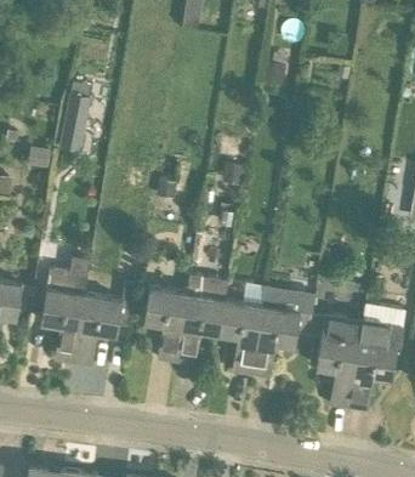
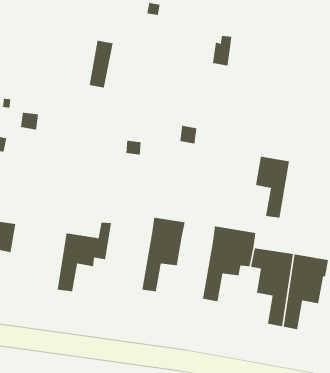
building: [61,91,91,149] -> [89,40,114,88]
building: [41,259,89,362] -> none
building: [143,285,188,362] -> none
building: [220,297,262,373] -> [255,156,290,218]

